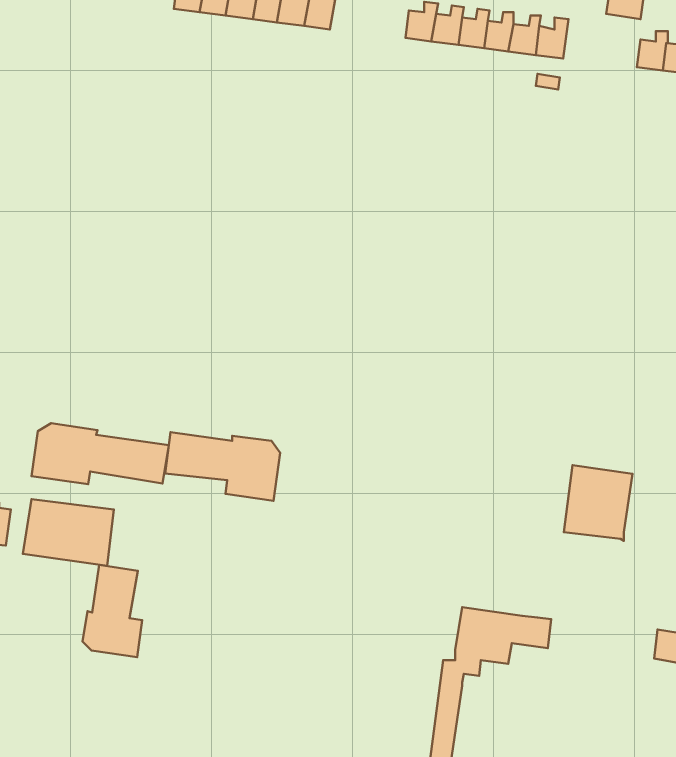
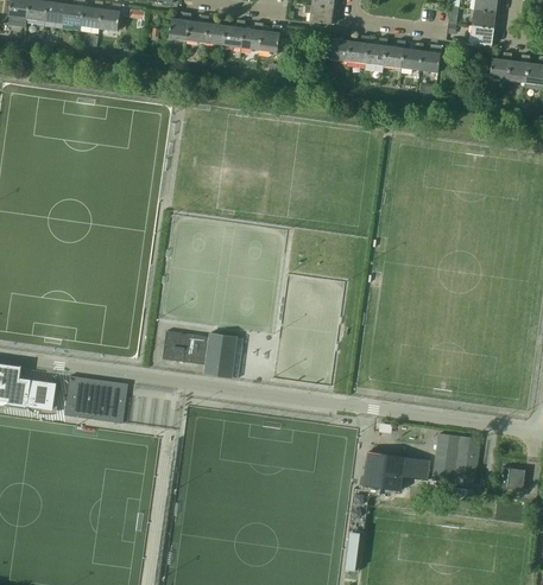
building: [32,423,169,484] -> none
building: [564,465,632,541] -> [434,434,481,487]
building: [83,565,142,657] -> none

